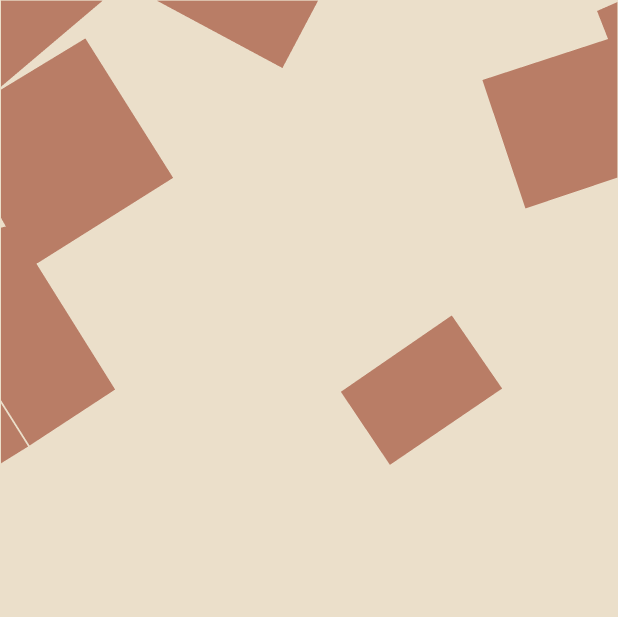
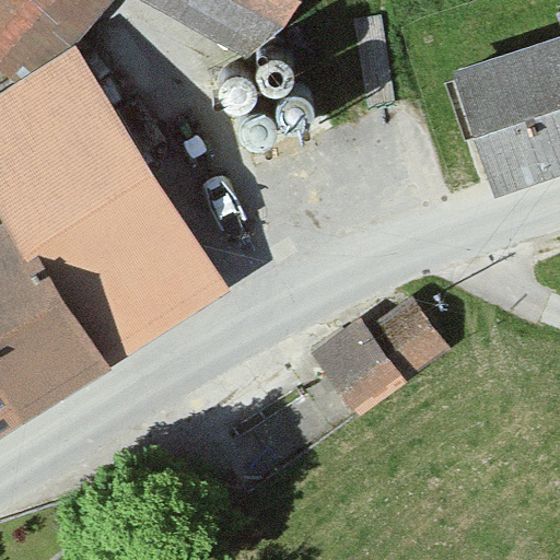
building: none -> [34,162,229,353]

